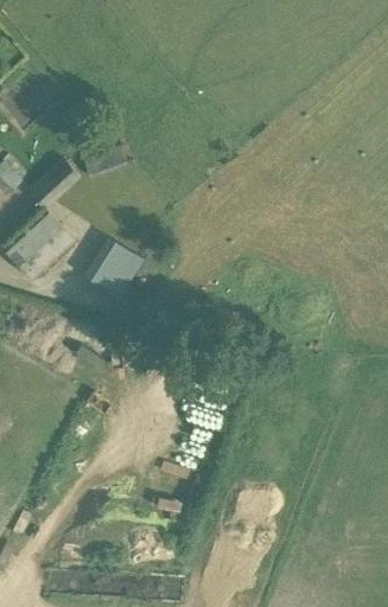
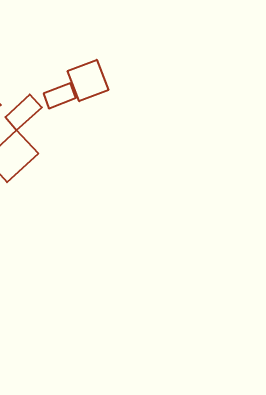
building: none -> [68,60,108,101]
building: [89,238,141,294] -> none

